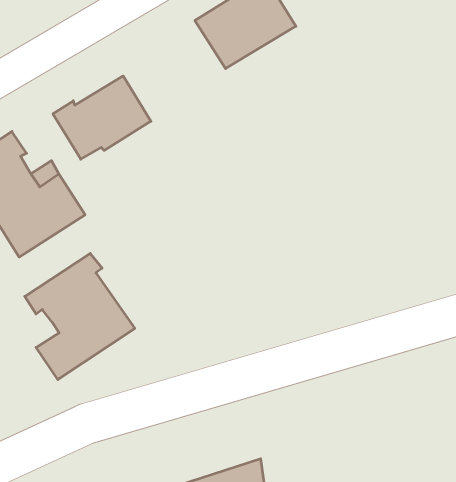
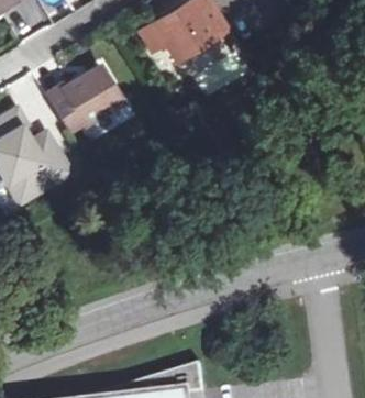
building: [25,253,135,380] -> none

